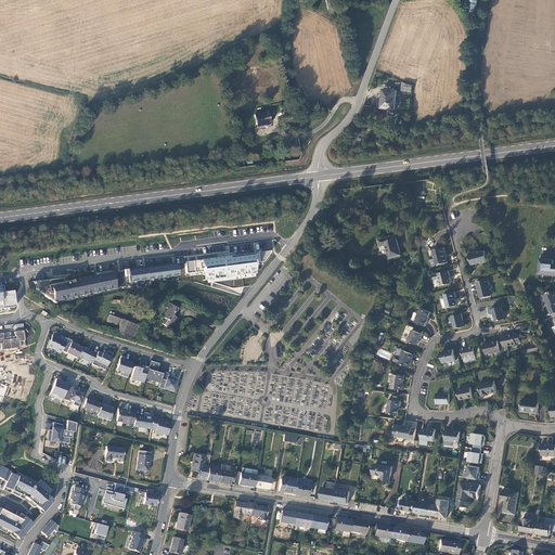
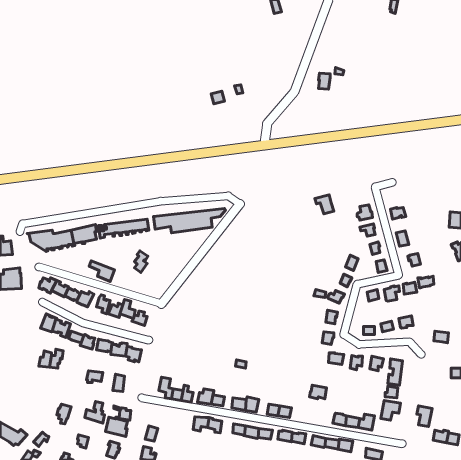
building: [4,472,53,509] -> none
building: none -> [106,417,128,436]

